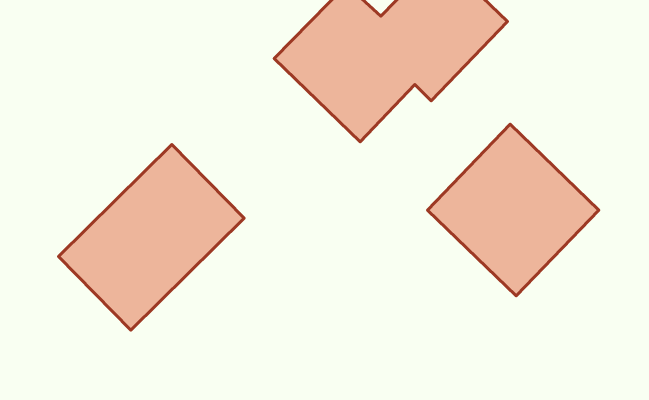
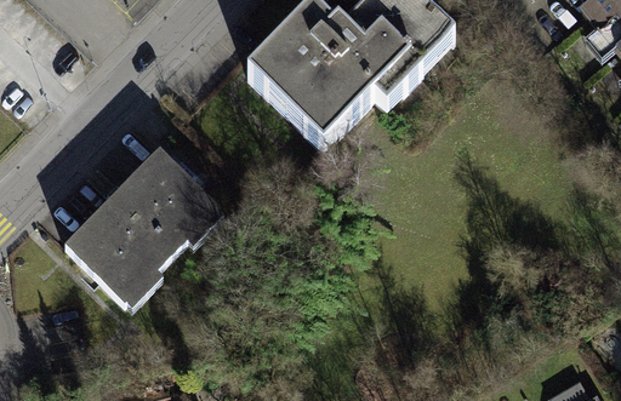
building: [428,124,599,296] -> none

